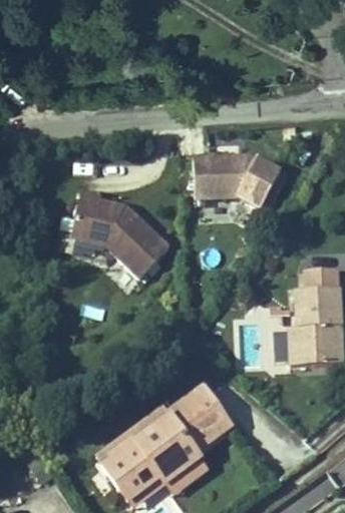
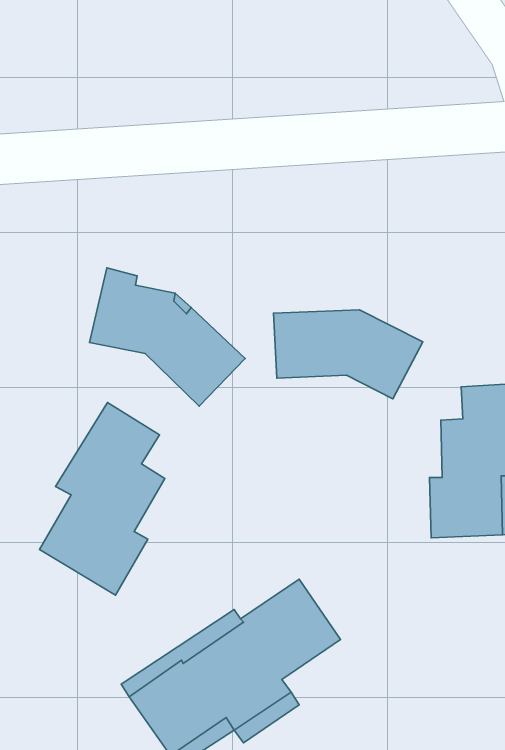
building: [195,156,289,212] -> [274,310,423,399]
building: none -> [39,402,165,595]

